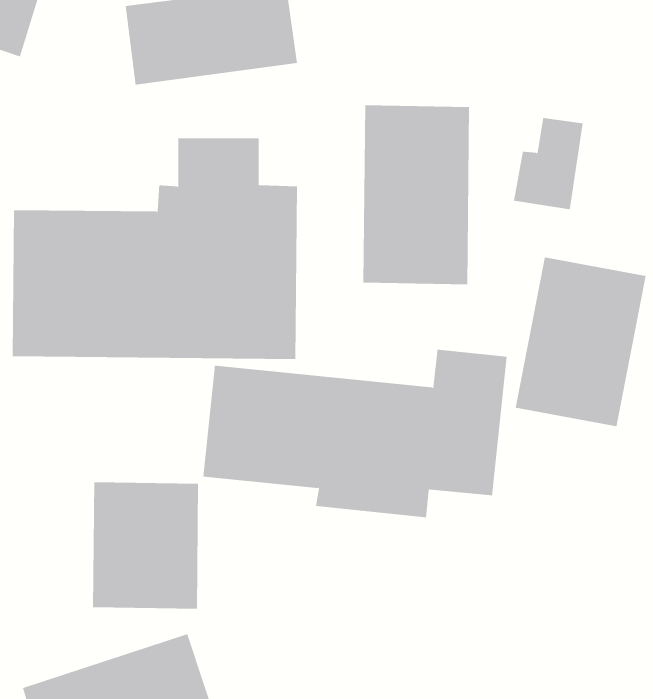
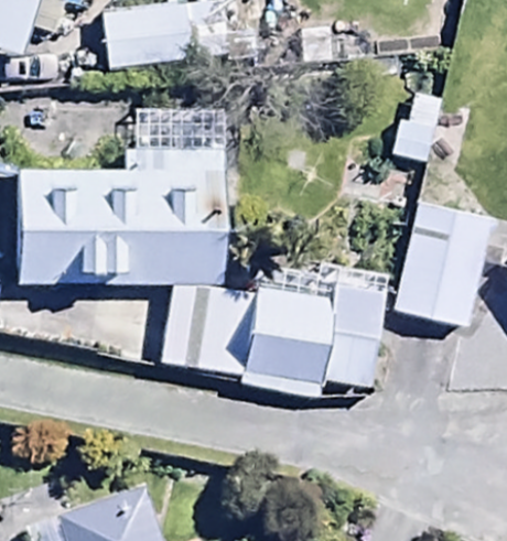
building: [363,105,470,285] -> none
building: [92,482,199,610] -> none

